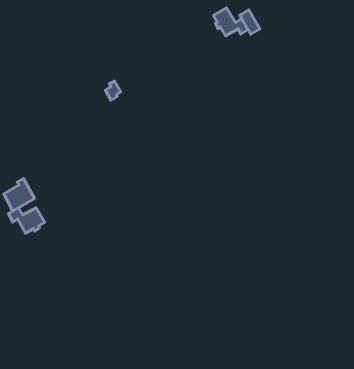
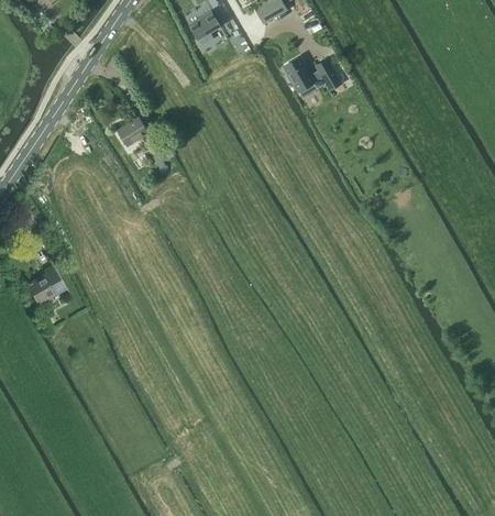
building: none -> [117,116,148,145]
building: [8,208,45,233] -> none

